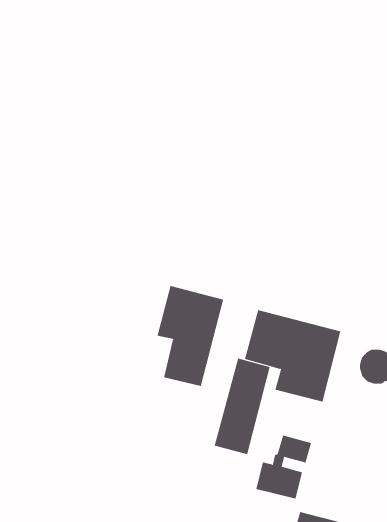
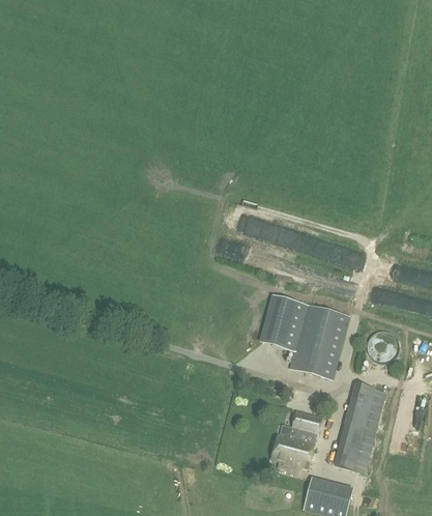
building: [157,285,224,387] -> none
building: [214,358,270,455] -> [334,382,385,471]

